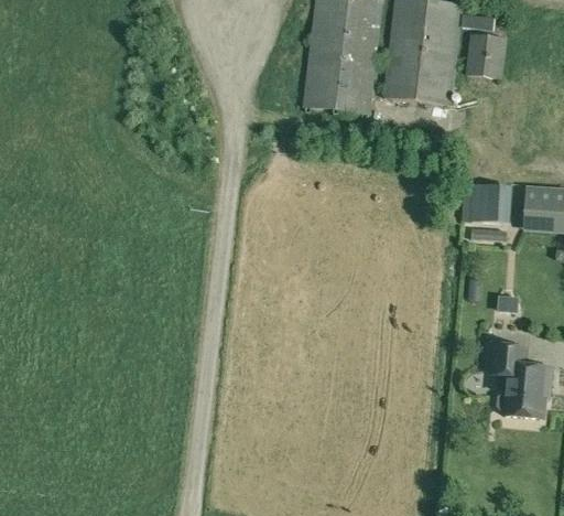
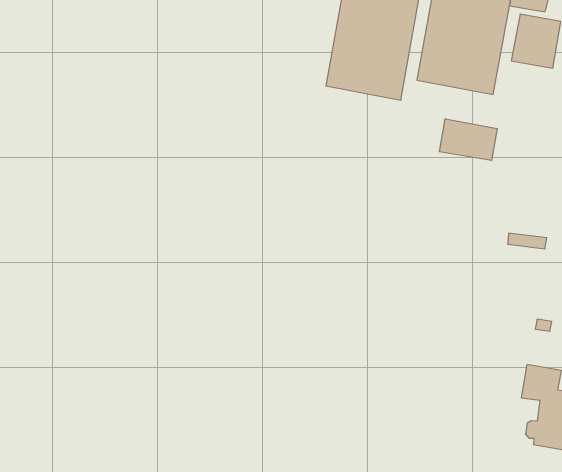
building: none -> [439,119,497,161]
building: [469,182,511,222] -> none

